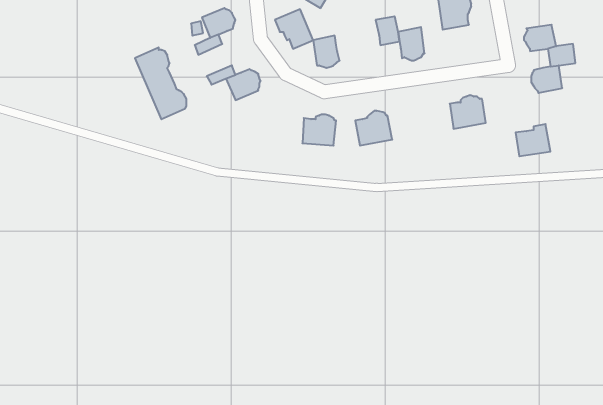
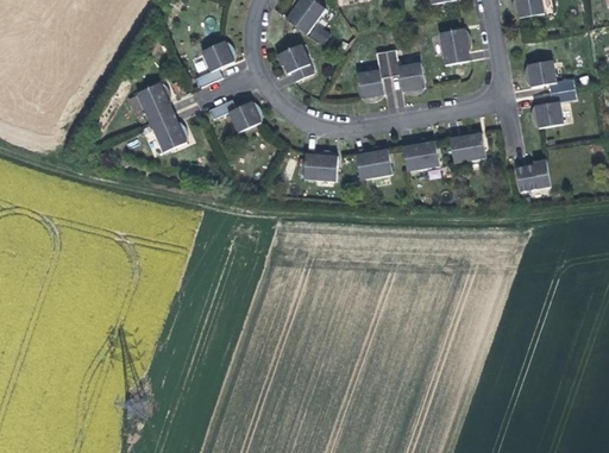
building: [313,36,340,68] -> [359,70,385,102]
building: none -> [403,137,439,171]

